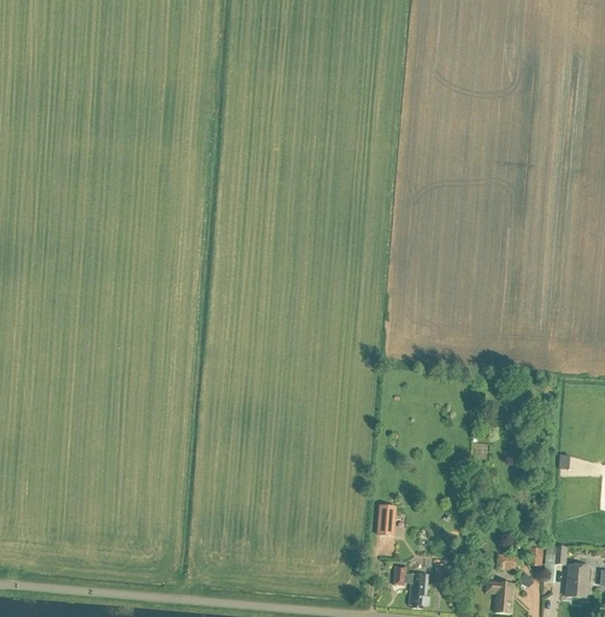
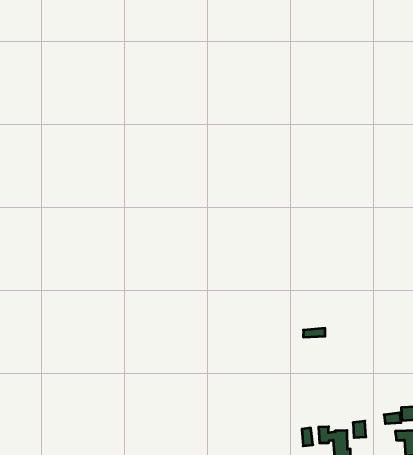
building: [376,504,395,535] -> none

